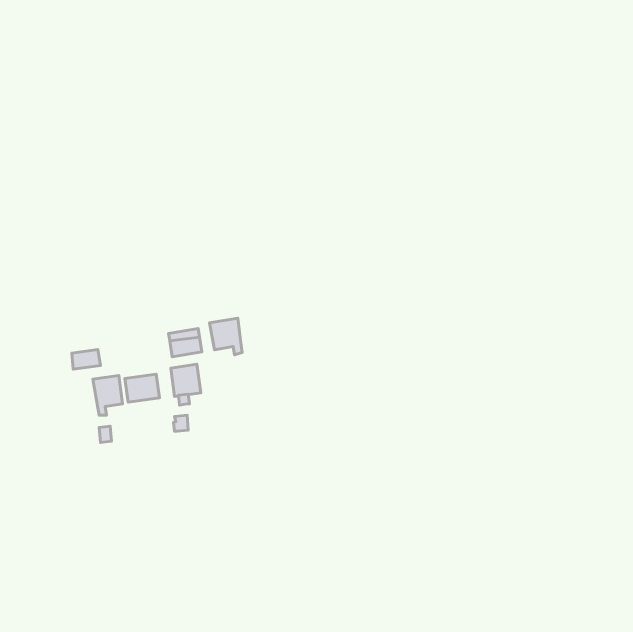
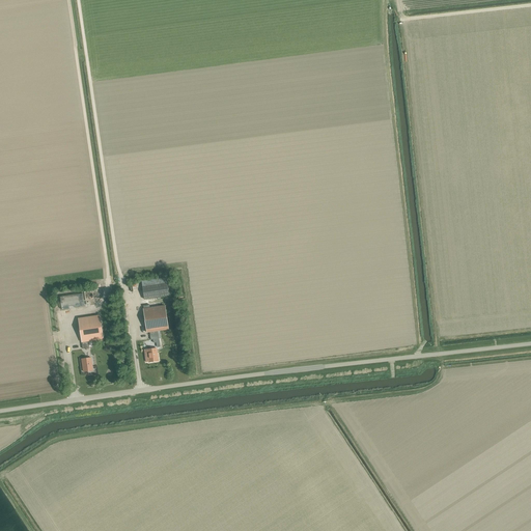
building: [209,318,242,355] -> none
building: [125,374,160,402] -> none

